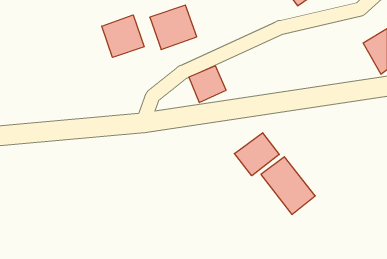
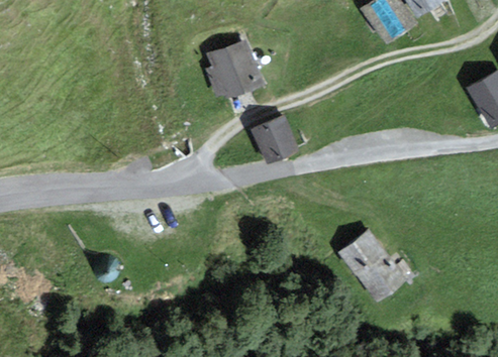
building: [102,15,144,57] -> none
building: [234,133,279,176] -> none

